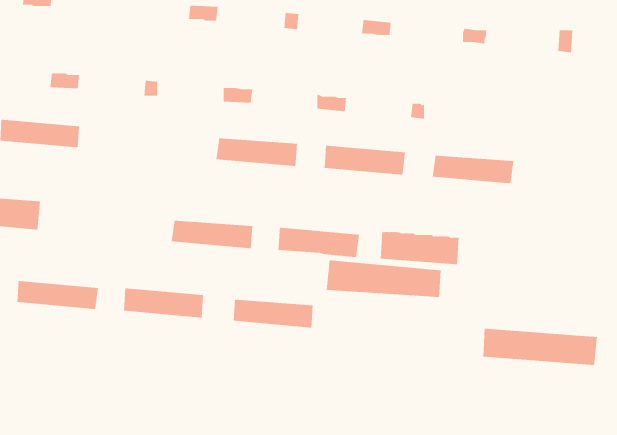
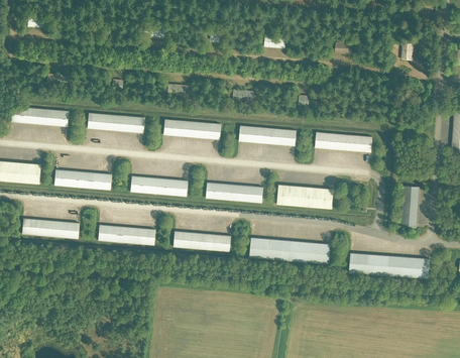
building: none -> [87,112,144,133]
building: none -> [55,169,113,190]
building: none -> [401,186,420,228]
building: [326,260,441,297] -> [249,237,330,263]

